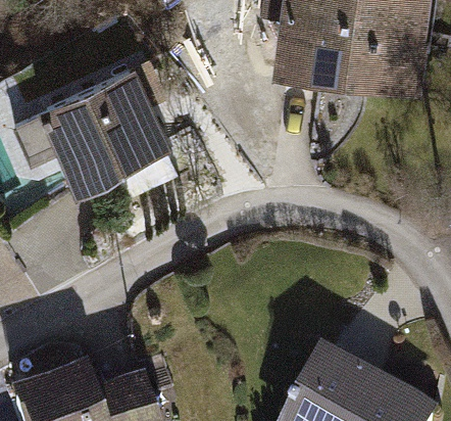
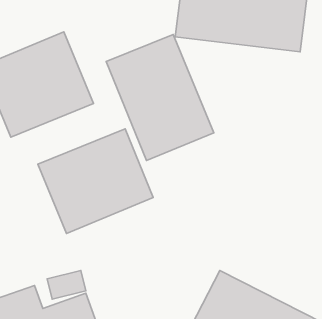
building: none -> [106,35,214,161]
building: none -> [38,129,153,234]

